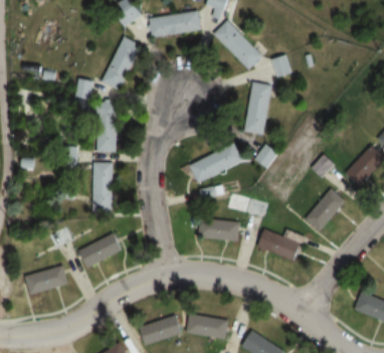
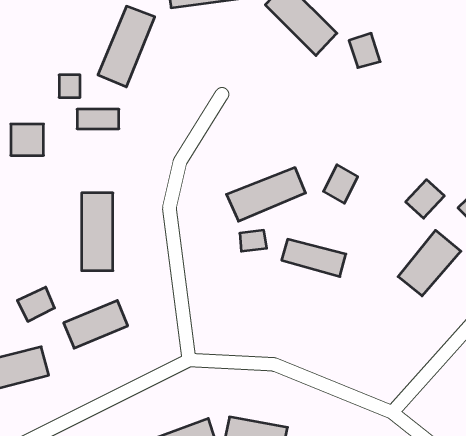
building: [242,81,270,135] -> none
building: [93,132,116,153] -> [11,124,44,155]
building: [197,219,238,240] -> none
building: [258,229,305,261] -> none

